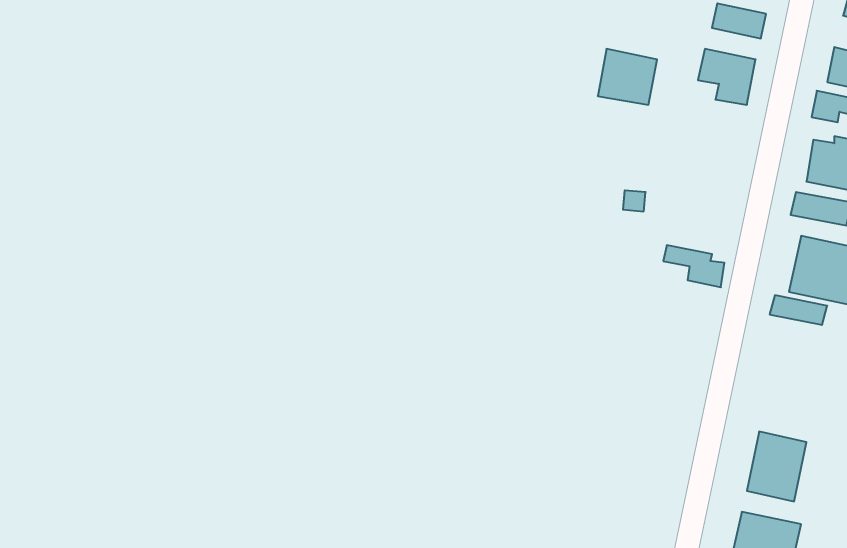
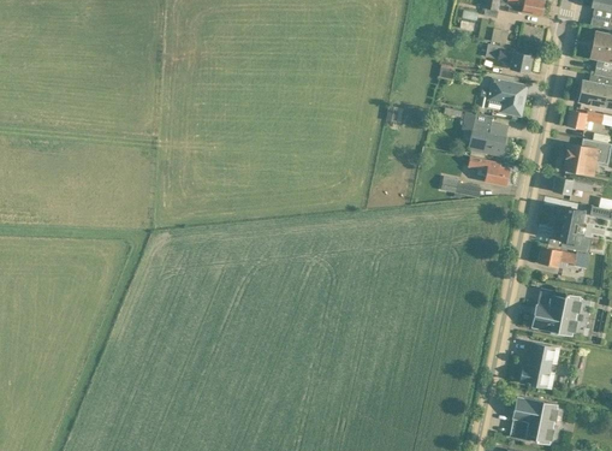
building: [598,49,657,105] -> [468,117,509,155]
building: [663,245,724,287] -> [468,155,510,184]
building: none -> [531,285,582,336]

